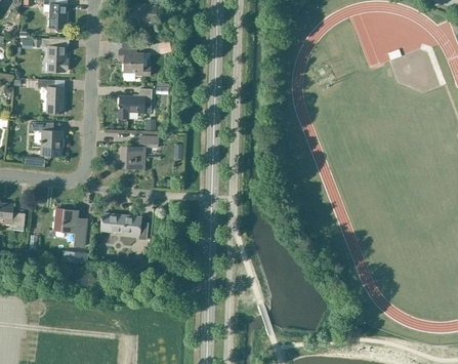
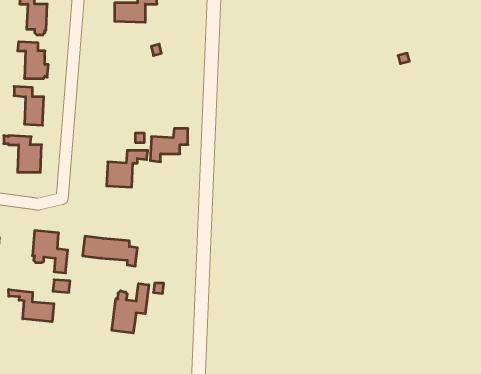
building: [119,50,151,80] -> none
building: [118,89,152,119] -> [150,129,188,162]
building: none -> [112,284,149,333]
building: none -> [9,289,54,322]

